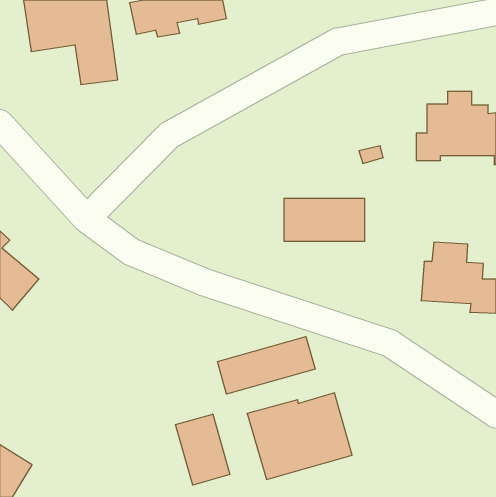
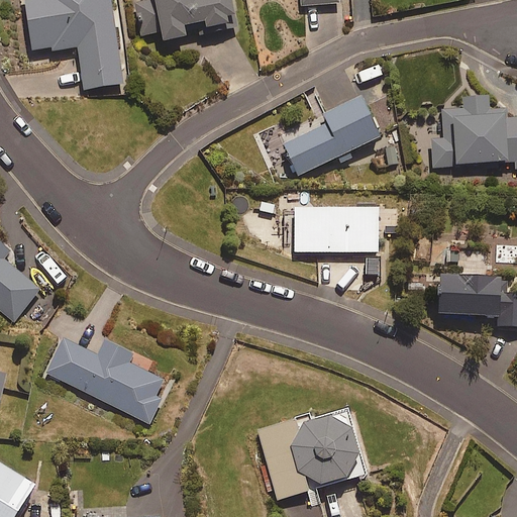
building: none -> [280,96,380,174]
building: none -> [45,338,164,424]
building: [217,337,315,394] -> none
building: [176,414,230,485] -> none

